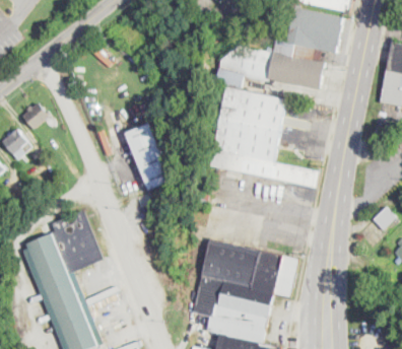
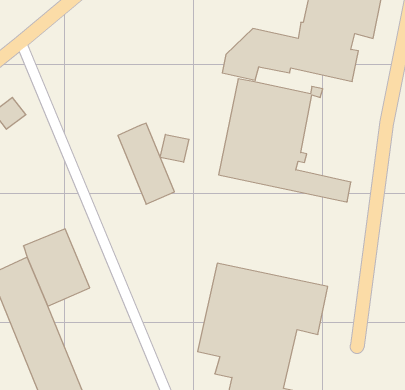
building: none -> [160,134,189,162]

